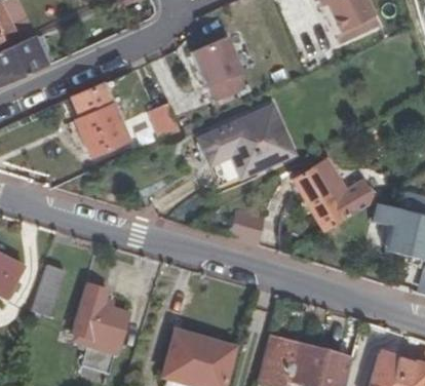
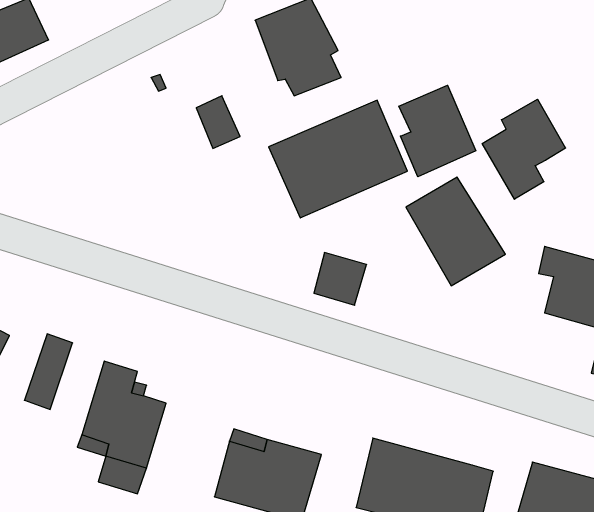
building: [72,82,128,155] -> none
building: none -> [399,85,476,177]
building: none -> [482,99,566,199]

